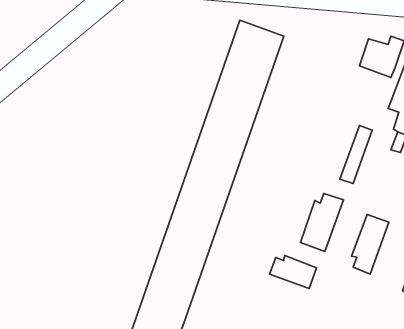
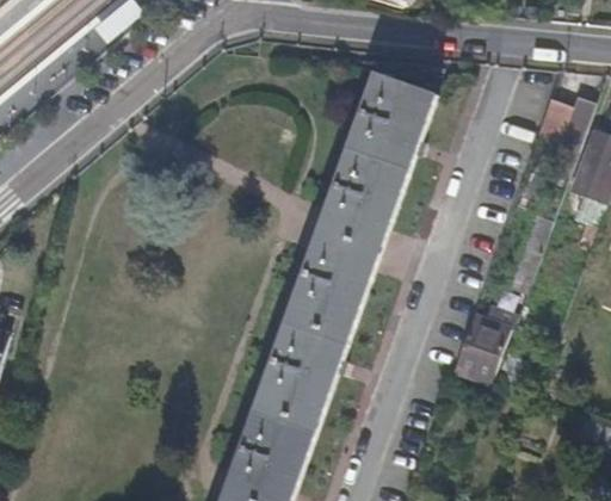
building: [351,215,389,274] -> none
building: [269,255,317,289] -> none

